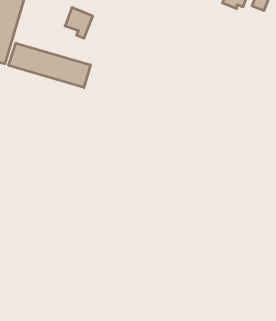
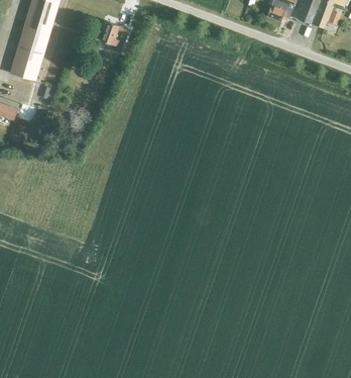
building: [9,43,90,88] -> none

